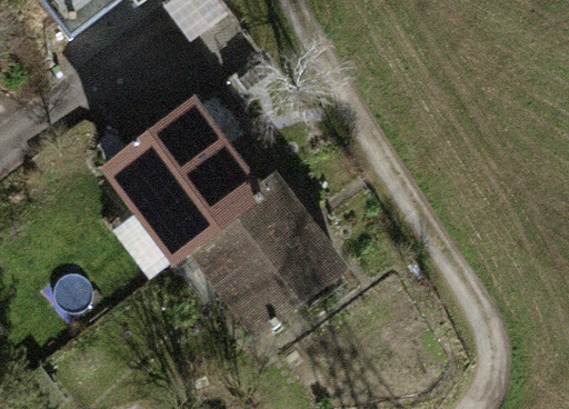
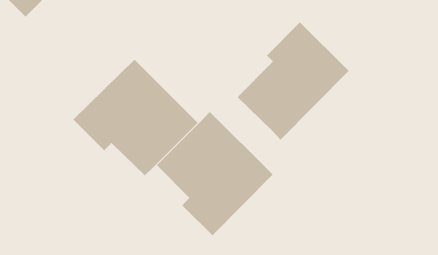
building: none -> [237,21,349,141]

